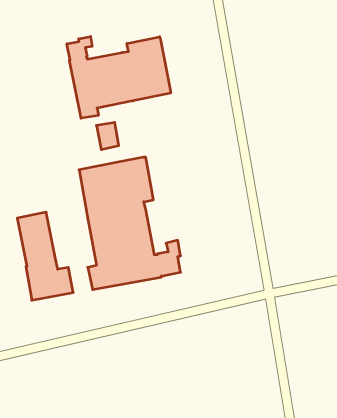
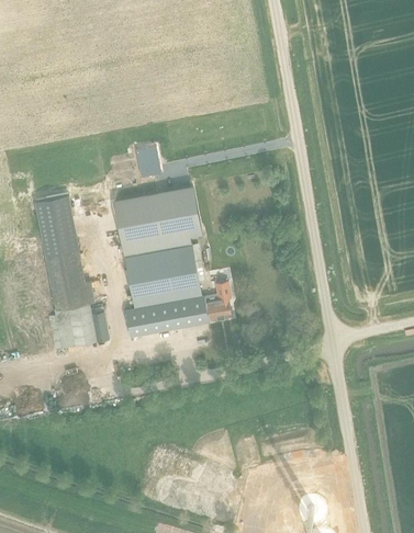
building: [67,36,171,118] -> none
building: none -> [33,194,76,256]

